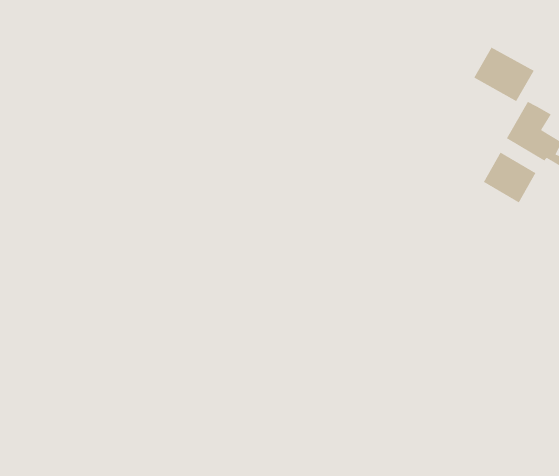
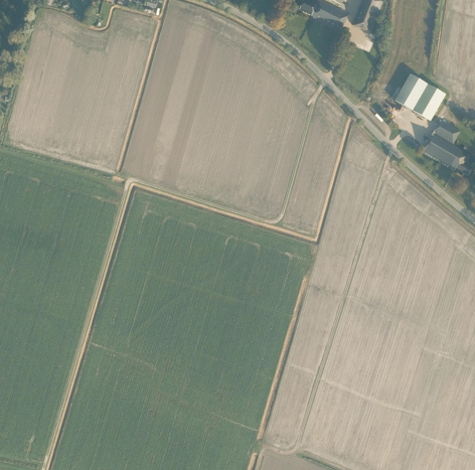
building: [483,152,537,203] -> none

